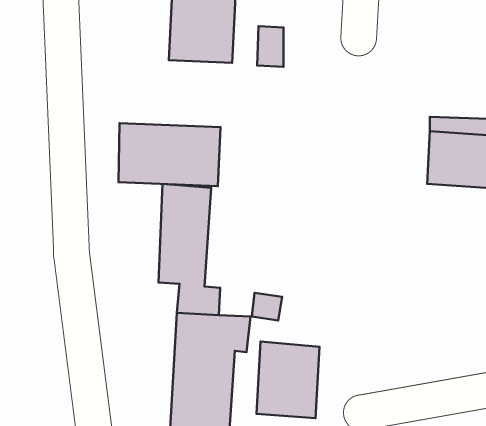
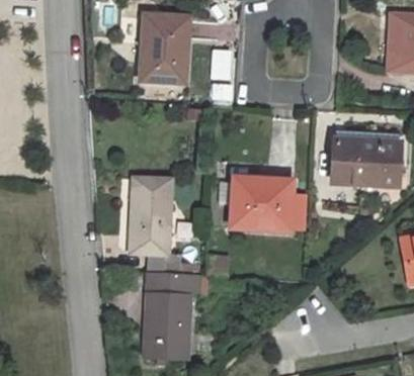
building: [118,123,221,186] -> none
building: none -> [230,169,314,226]
building: [256,341,320,418] -> none

